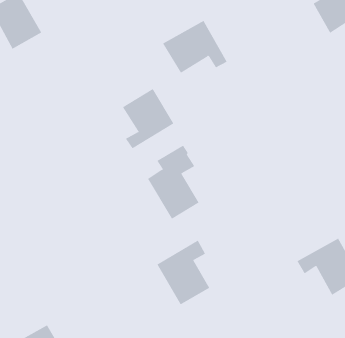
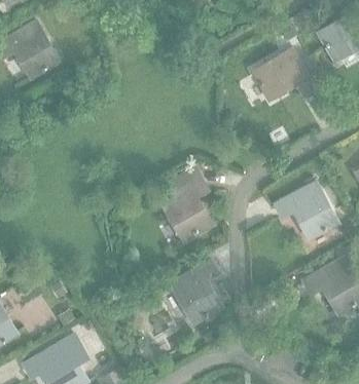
building: [162,20,227,74] -> [251,48,314,100]
building: [122,88,174,149] -> none
building: none -> [275,182,336,238]

